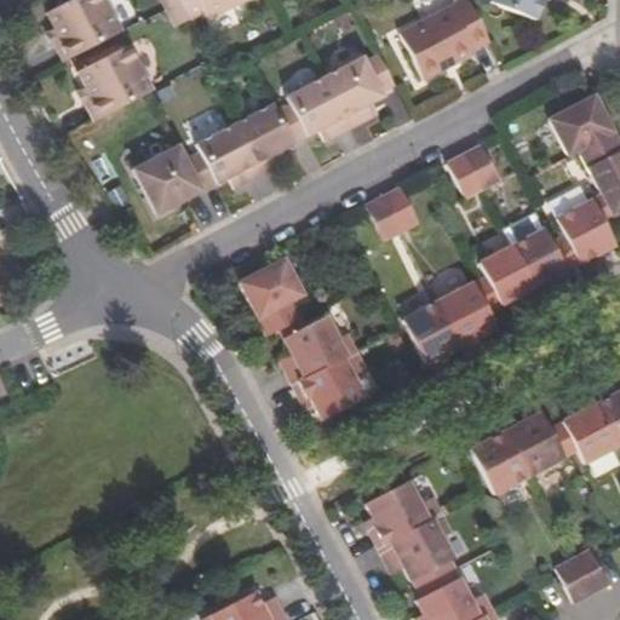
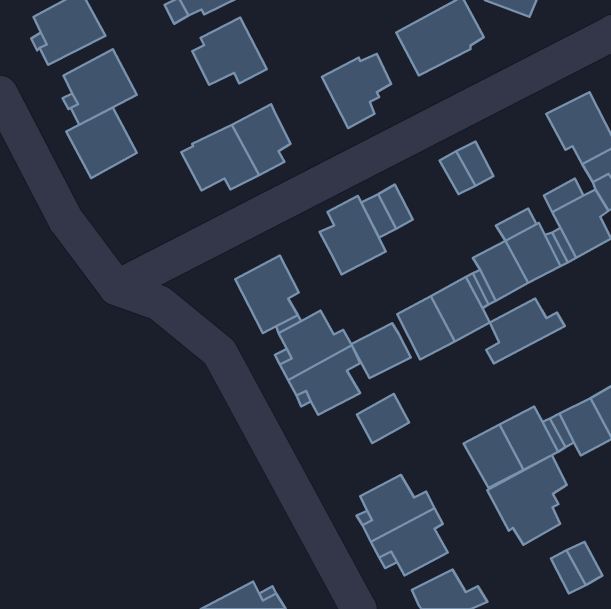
building: [279,78,354,145] -> [192,18,267,85]
building: [134,147,206,218] -> [66,107,137,178]
building: none -> [319,196,386,275]
building: none -> [486,299,565,364]
building: none -> [351,323,411,378]
building: none -> [357,394,409,443]
building: none -> [487,455,567,545]

